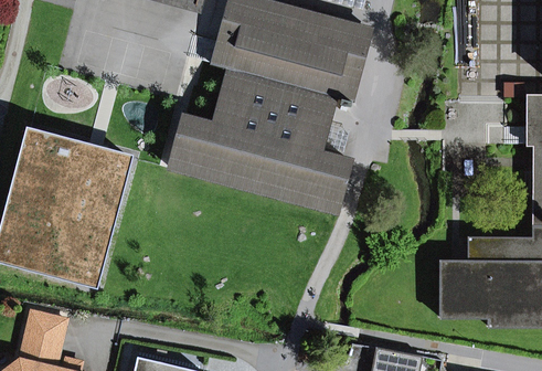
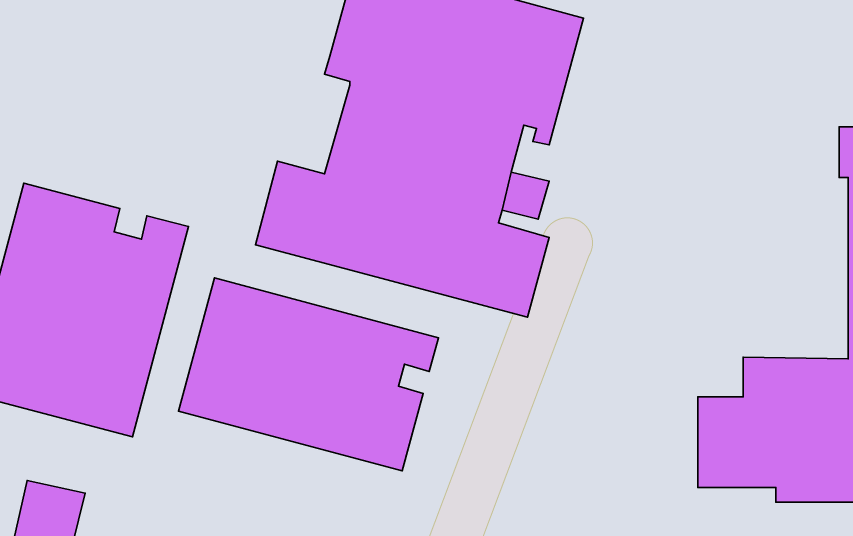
building: none -> [178,278,438,471]

